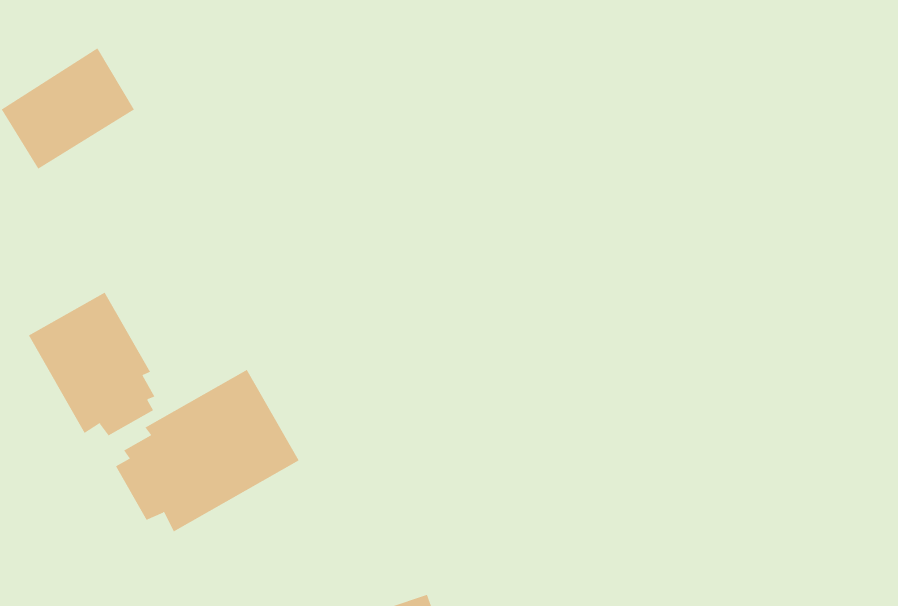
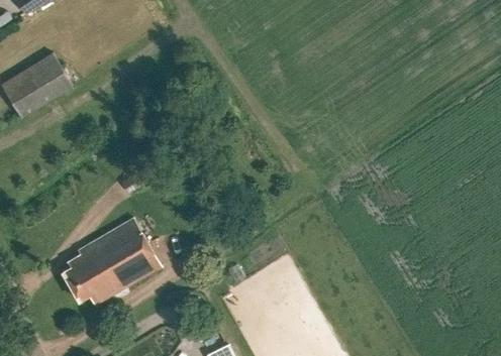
building: [28,292,155,436] -> none

